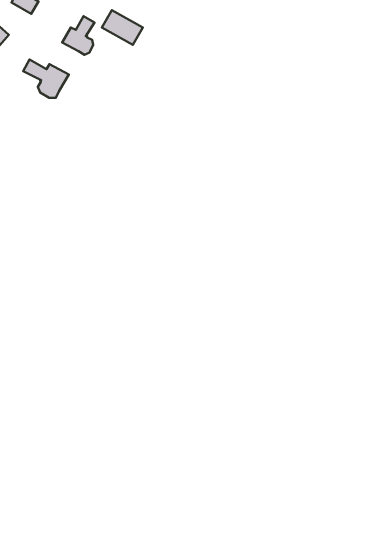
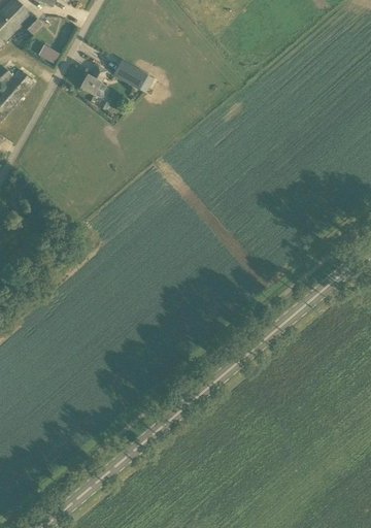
building: [23,59,69,98] -> none

